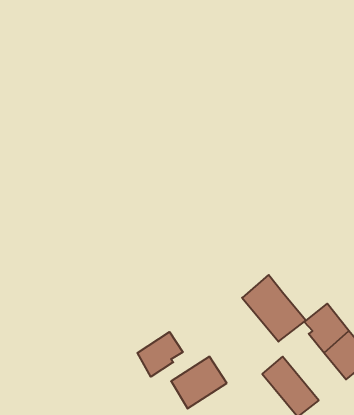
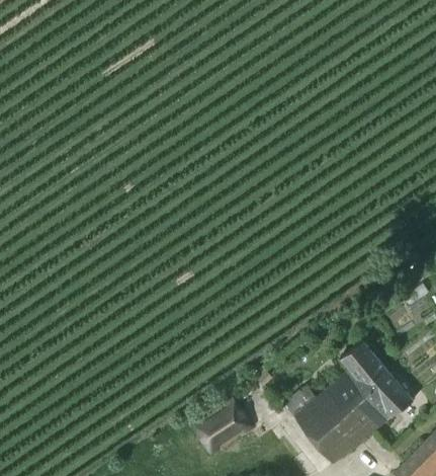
building: [242,275,306,342] -> [315,373,385,447]
building: [137,332,183,377] -> none

